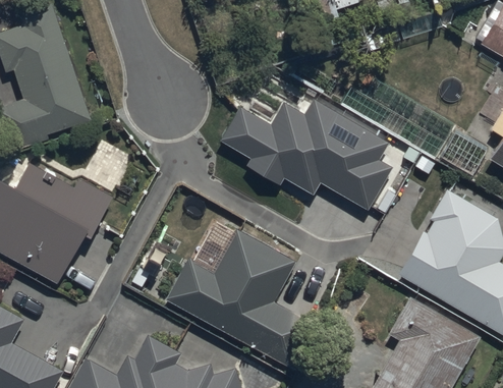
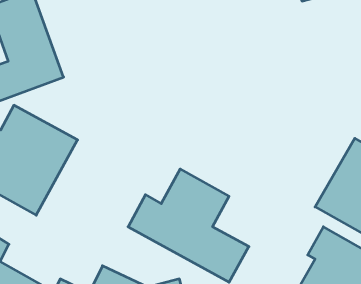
building: [223,106,403,220] -> none

